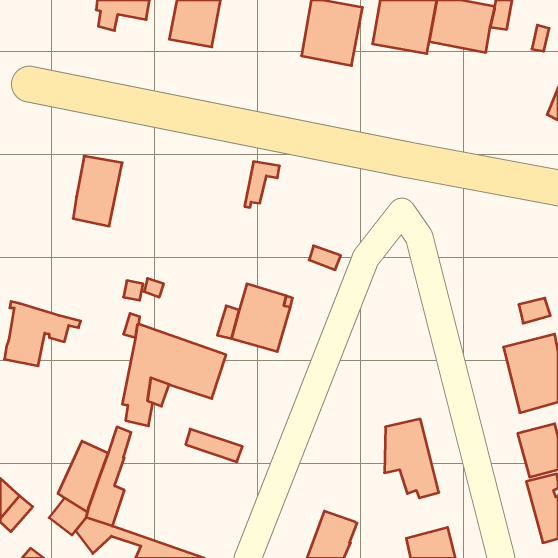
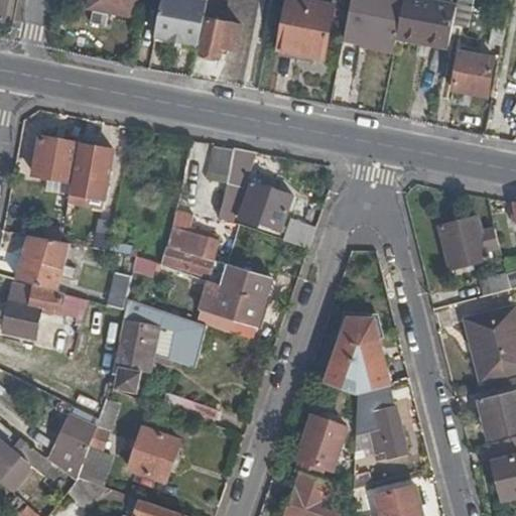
building: none -> [202,19,241,58]
building: none -> [454,53,495,98]
building: none -> [33,138,78,181]
building: none -> [240,183,292,232]
building: none -> [438,220,497,270]
building: none -> [164,227,219,275]
building: none -> [18,235,70,291]
building: none -> [324,317,387,394]
building: none -> [296,417,343,482]
building: none -> [129,428,179,481]

